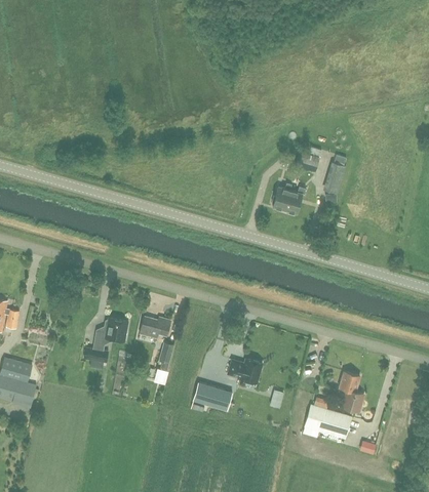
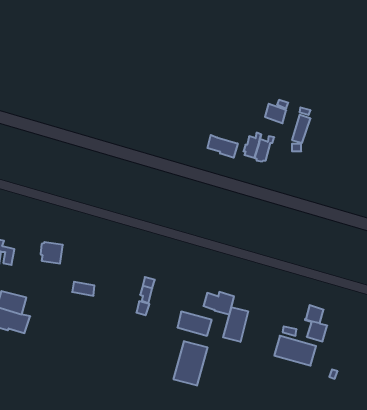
building: none -> [207,135,238,158]
building: [139,317,169,338] -> none
building: [103,319,127,342] -> [41,242,63,264]
building: none -> [223,307,248,342]
building: none -> [174,341,207,386]

